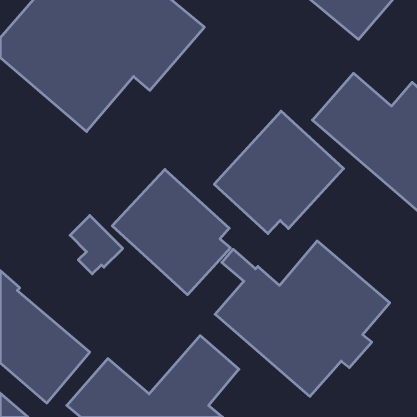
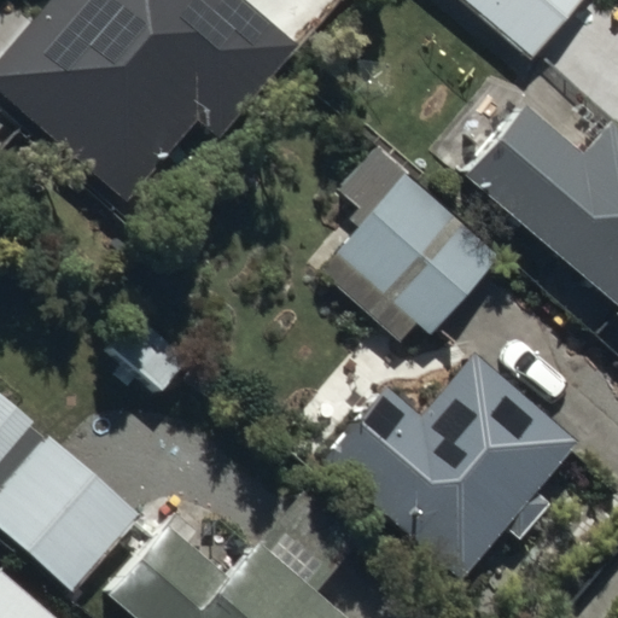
building: [112,169,230,295] -> none

